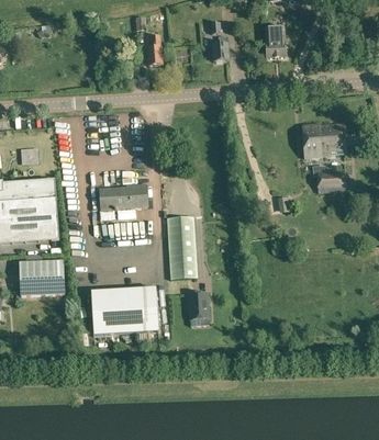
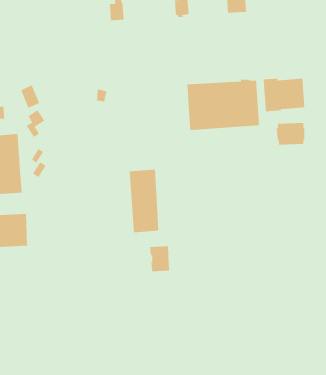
building: none -> [187,79,259,131]
building: [99,183,147,210] -> none
building: [89,286,158,332] -> none

